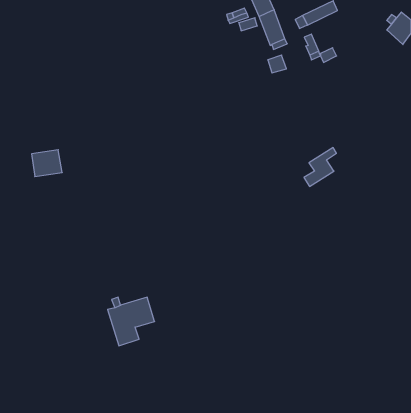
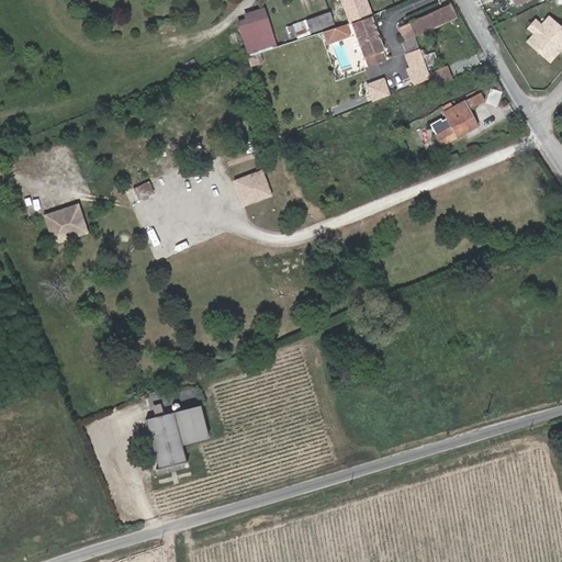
building: none -> [234,5,274,53]
building: none -> [231,166,270,204]
building: [304,148,336,186] -> [437,97,481,149]

